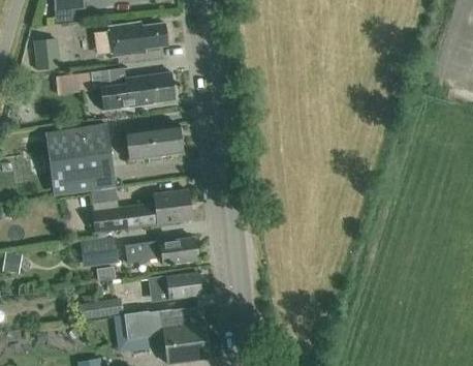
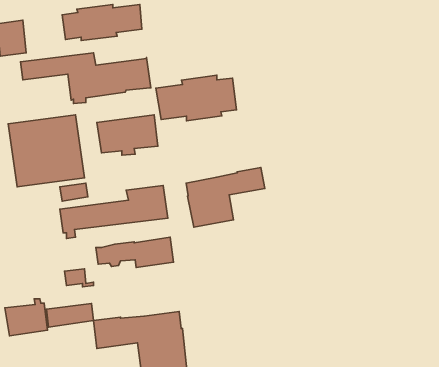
building: none -> [156,75,237,121]
building: none -> [186,167,265,227]
building: [80,233,119,267] -> [5,299,48,336]
building: [148,272,200,301] -> none

